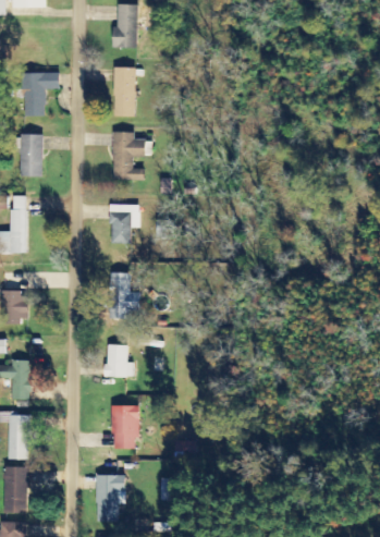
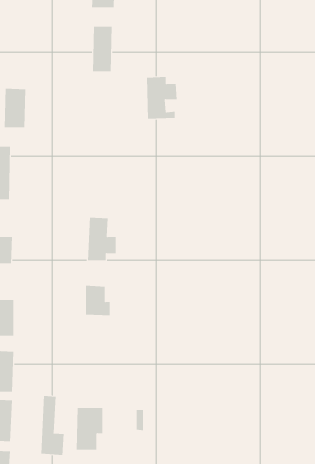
building: [22,72,60,115] -> none
building: [112,131,146,176] -> [146,76,178,119]
building: [109,204,139,243] -> none
building: [112,405,139,449] -> none
building: none -> [41,395,64,456]

